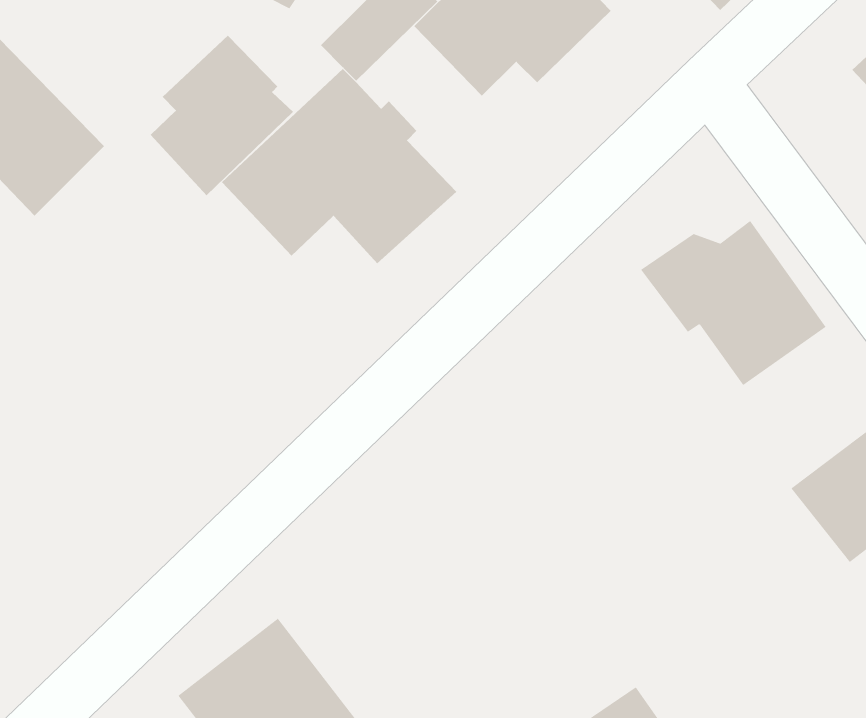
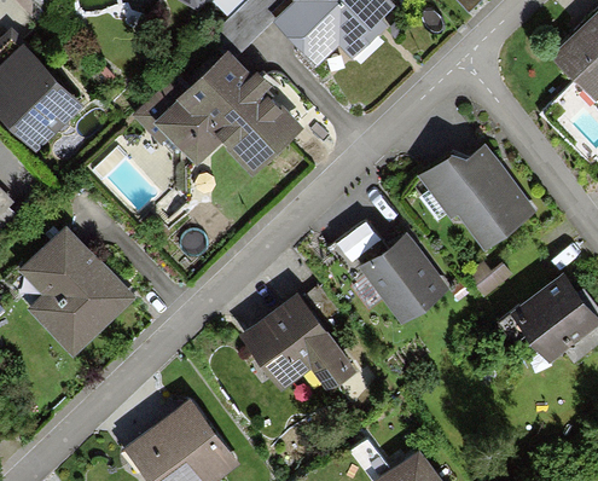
building: [150,35,294,196] -> none
building: none -> [332,222,451,323]
building: none -> [21,228,133,355]
building: none -> [242,284,355,390]

